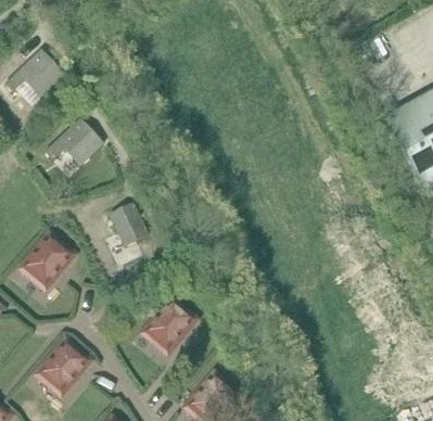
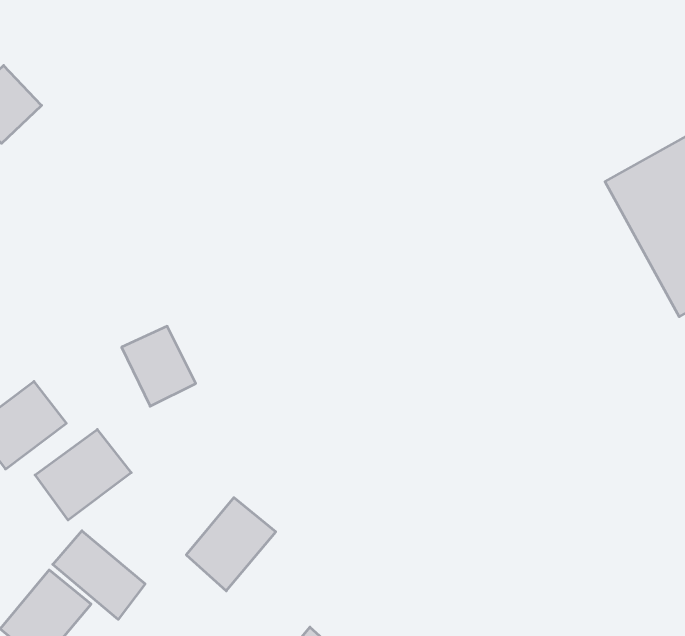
building: [43,117,104,167] -> none
building: none -> [35,429,131,520]
building: none -> [53,531,145,619]

